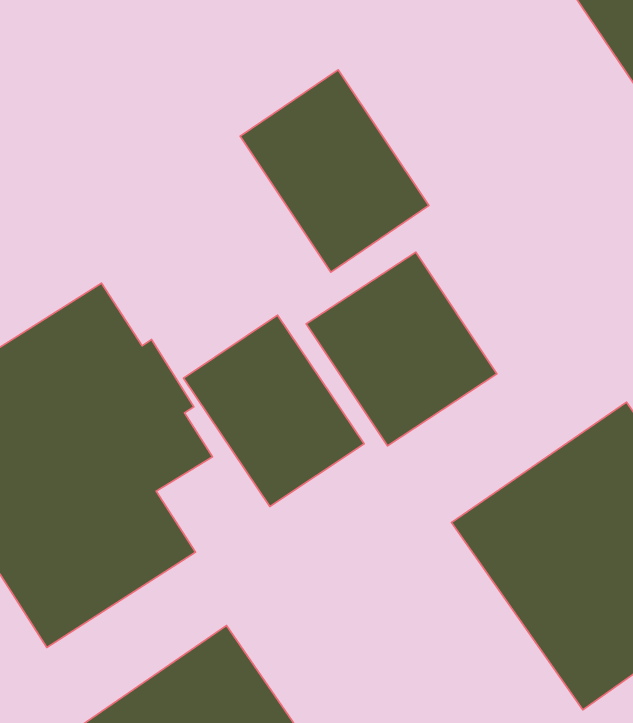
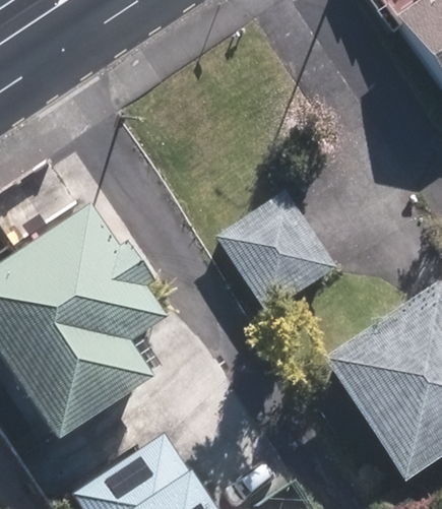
building: [240,70,429,272] -> none
building: [183,315,364,506] -> none

